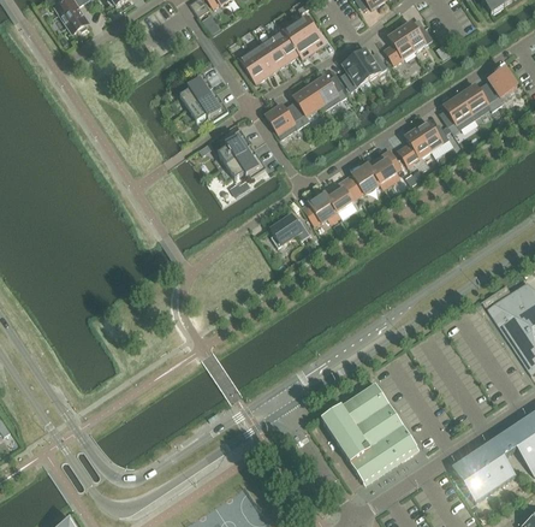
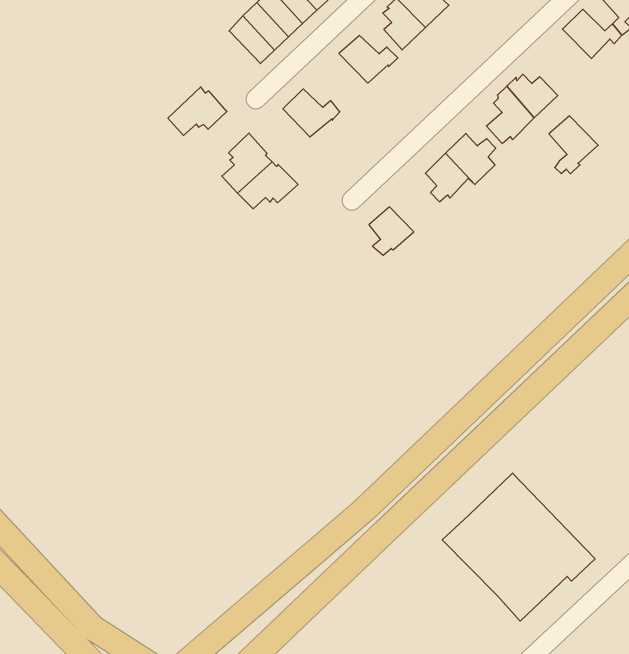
building: [180,71,214,108] -> none
building: [293,85,325,124] -> none
building: [444,95,475,134] -> [549,116,598,174]
building: [325,182,358,212] -> none
building: [271,214,310,247] -> none

